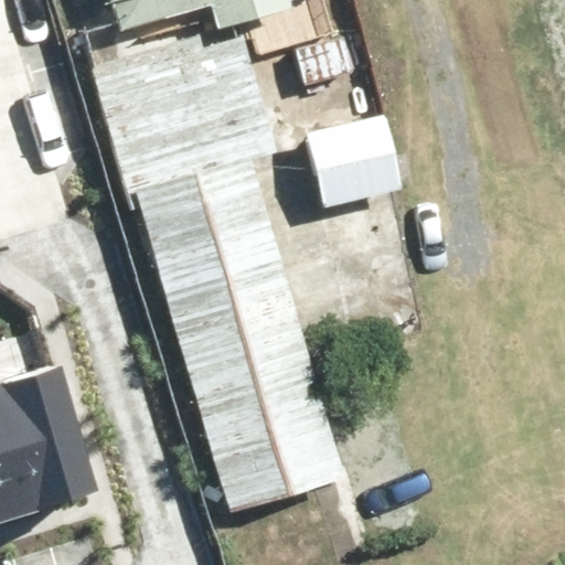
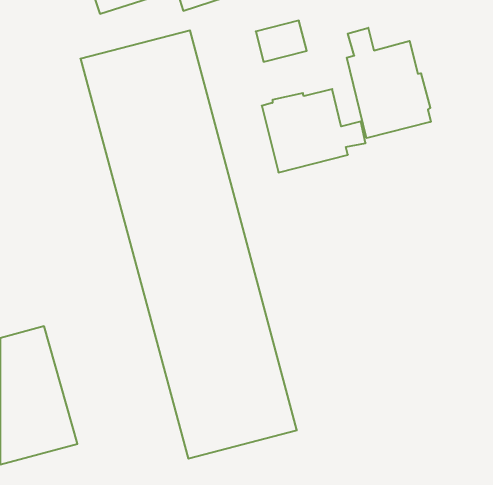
building: none -> [347,28,431,138]

